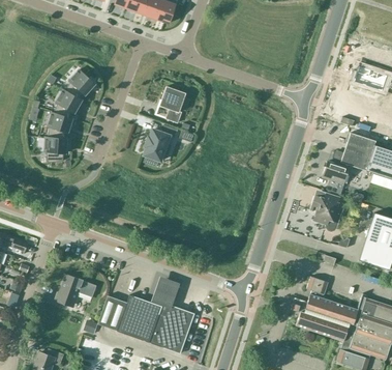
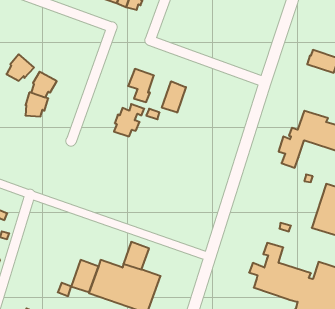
building: [64,69,94,98] -> [6,54,34,81]
building: none -> [162,81,186,113]
building: [43,138,66,163] -> none
building: [312,194,341,225] -> none
building: [53,274,82,307] -> none

